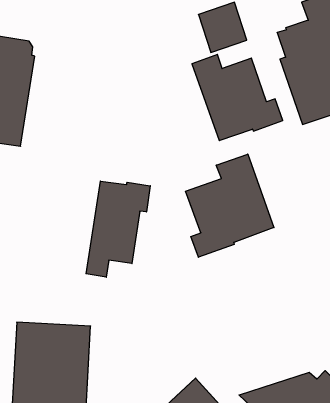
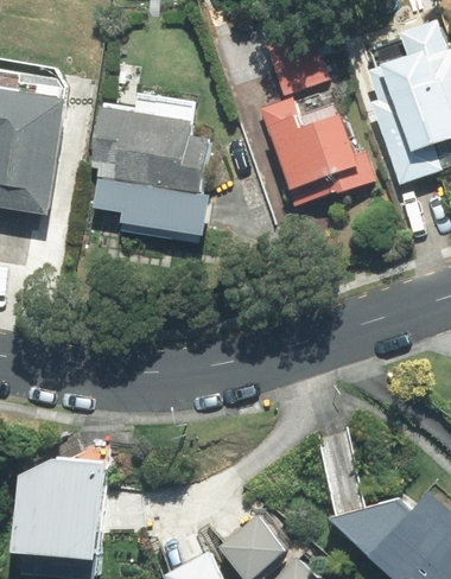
building: none -> [90,66,209,246]
building: [186,154,274,257] -> none
building: [86,181,150,277] -> none

